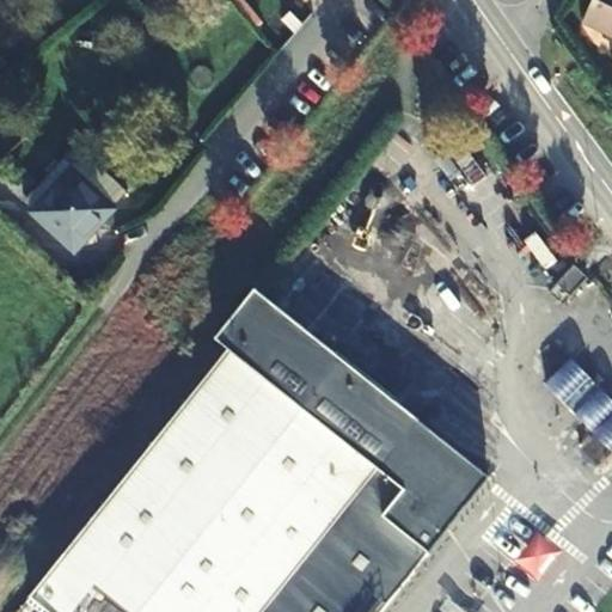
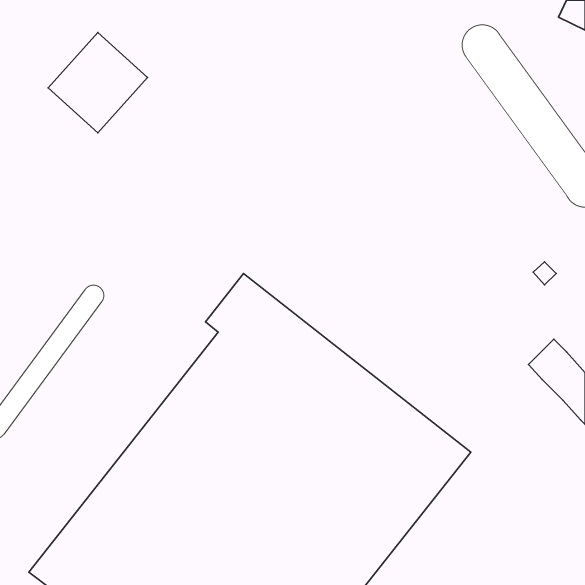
building: [16,148,118,252] -> [48,33,148,133]

